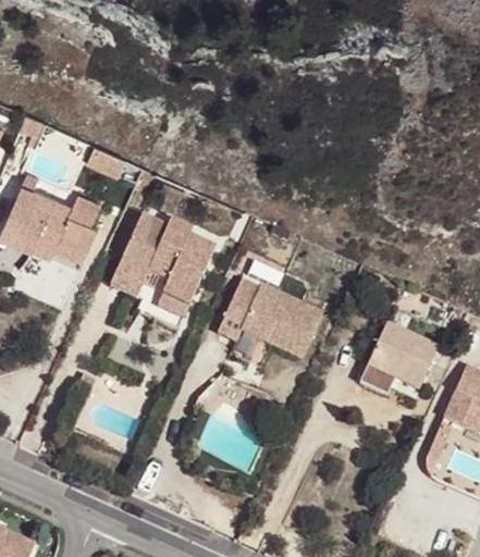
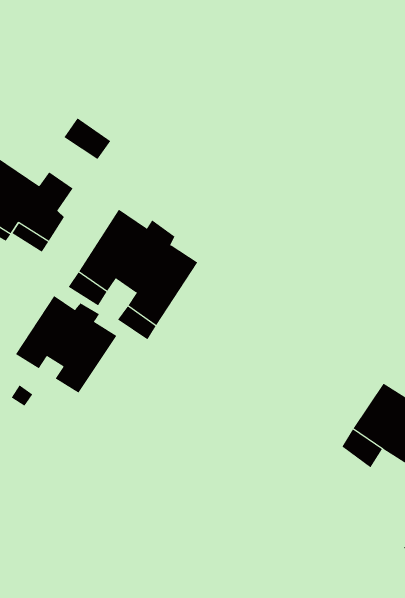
building: [217,274,323,358] -> none
building: none -> [15,295,117,393]

